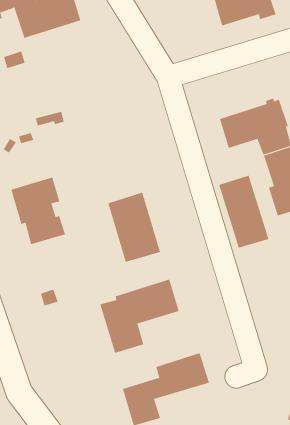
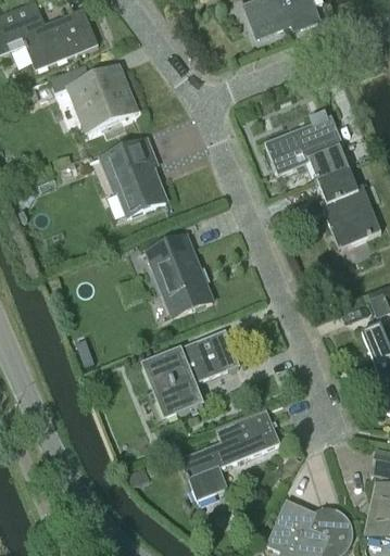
building: none -> [49,65,135,131]
building: [219,175,269,248] -> none
building: [10,177,66,245] -> [99,136,166,215]

